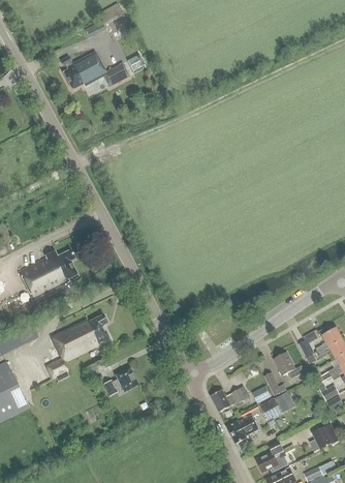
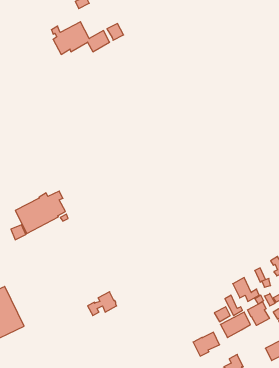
building: [46,313,109,379] -> none
building: none -> [248,302,269,325]
building: [211,388,245,412] -> none

